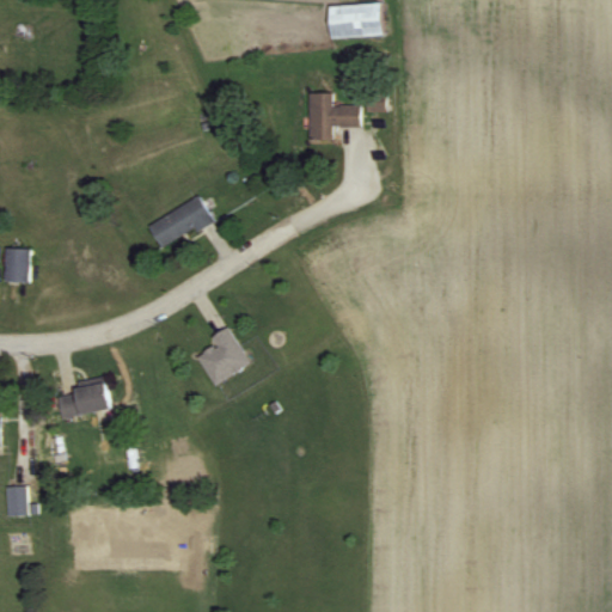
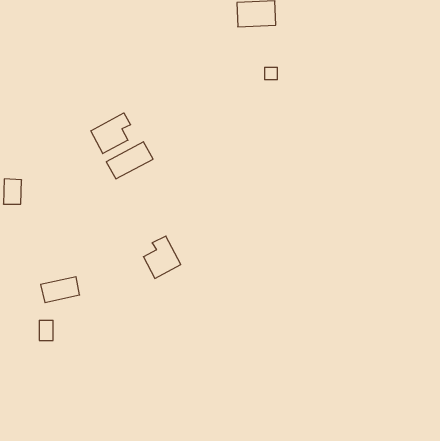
building: [307,92,359,140] -> none
building: none -> [91,113,131,154]
building: [7,488,26,515] -> [39,320,53,340]

